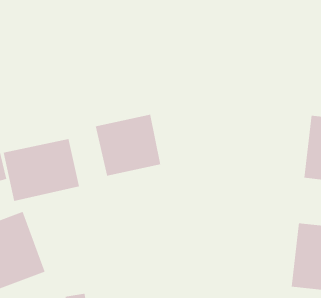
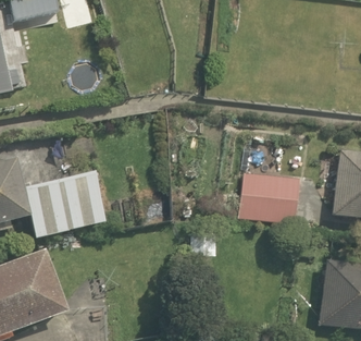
building: [95,114,161,177] -> none
building: none -> [241,171,299,222]

